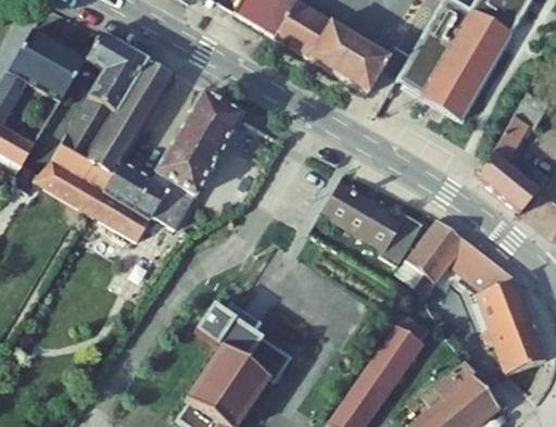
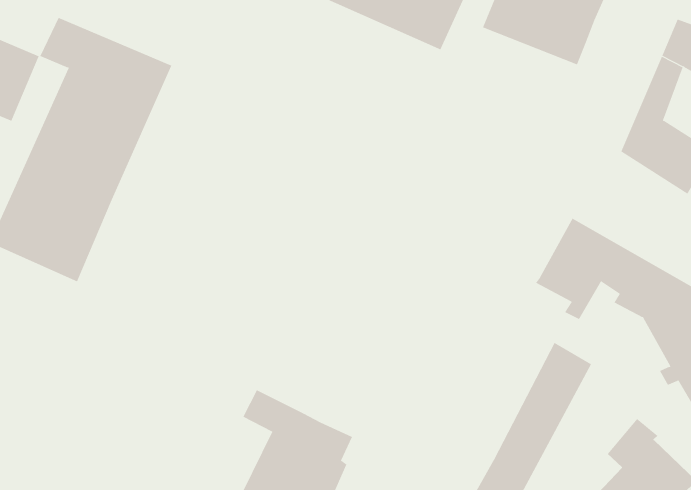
building: [92,95,244,246] -> none
building: [316,178,419,258] -> none

